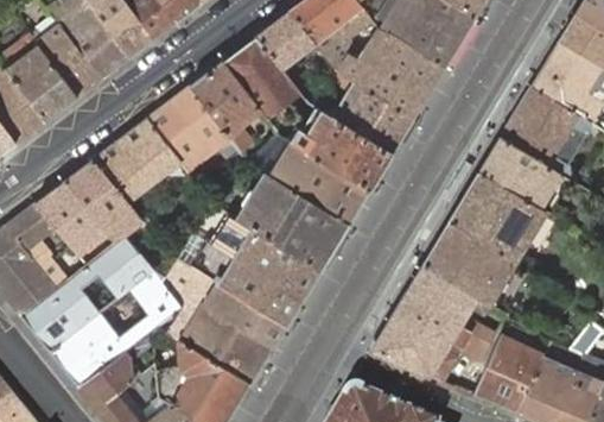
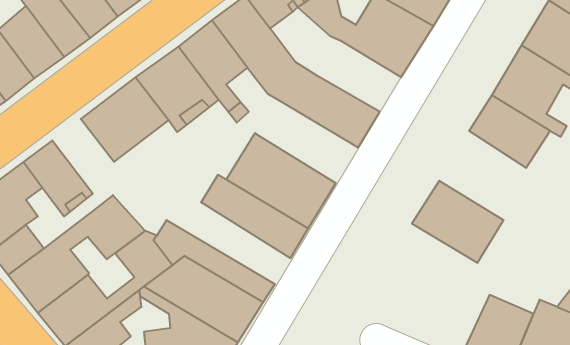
building: [330,80,413,151] -> none
building: [273,141,370,222] -> none
building: [65,158,144,244] -> none
building: [451,170,546,259] -> none
building: [166,227,303,323] -> none
building: [371,263,492,379] -> none

